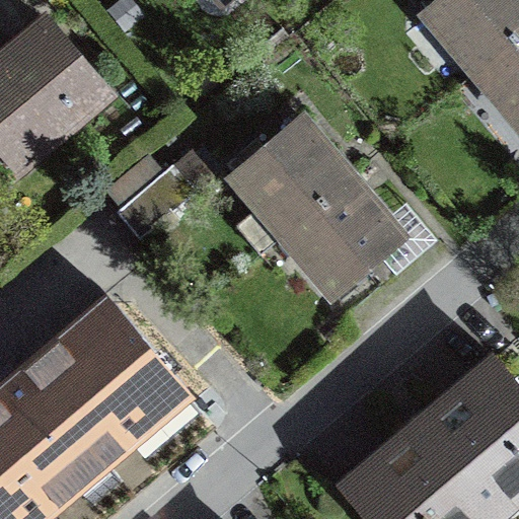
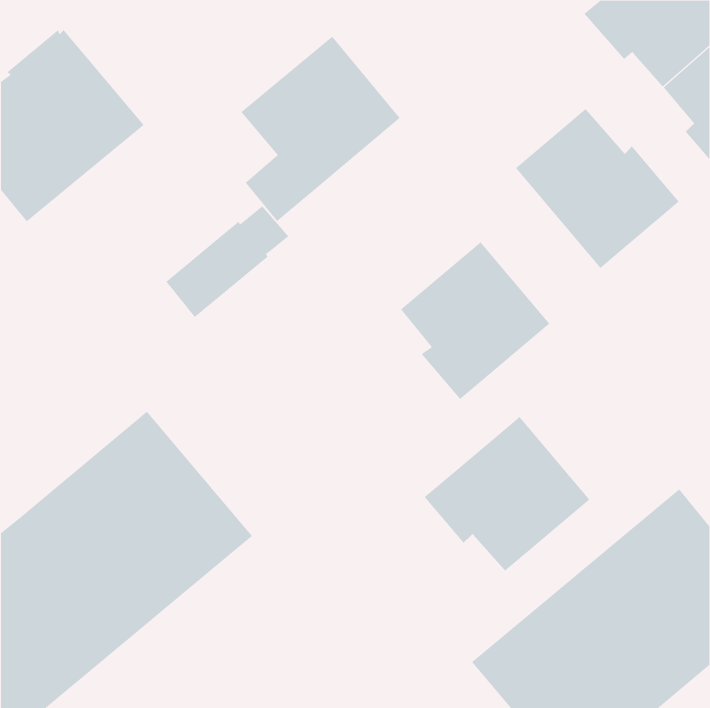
building: none -> [515,108,680,269]
building: [234,118,351,253] -> [241,36,400,222]
building: none -> [424,416,590,572]

